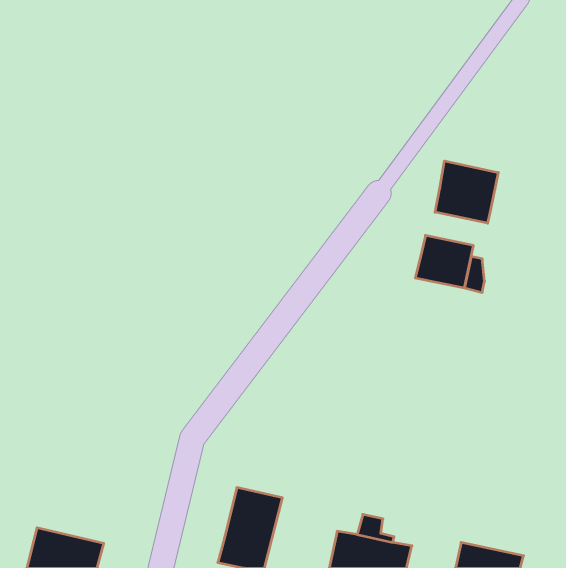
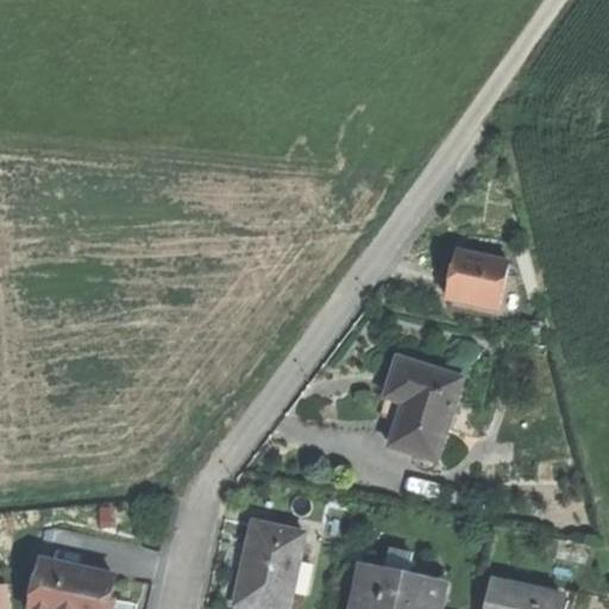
building: [435,161,498,223] -> none
building: none -> [378,362,460,462]

